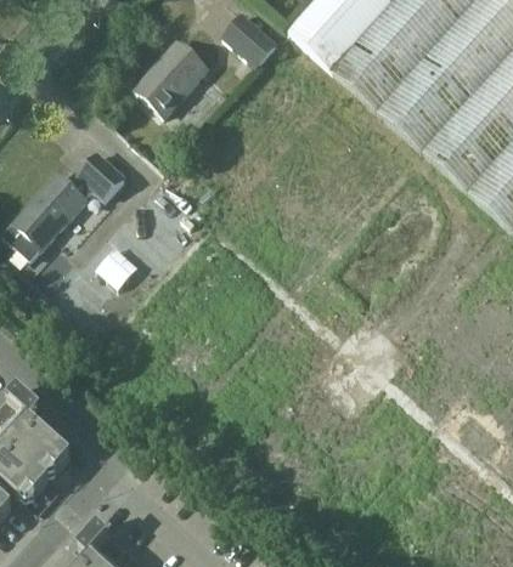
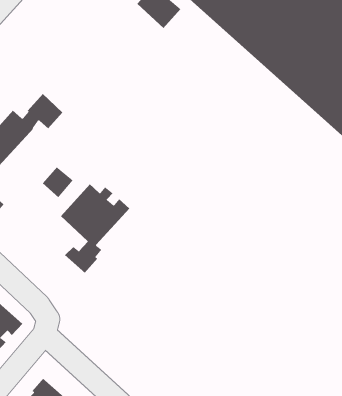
building: [135,40,207,114] -> none
building: none -> [60,184,130,273]

